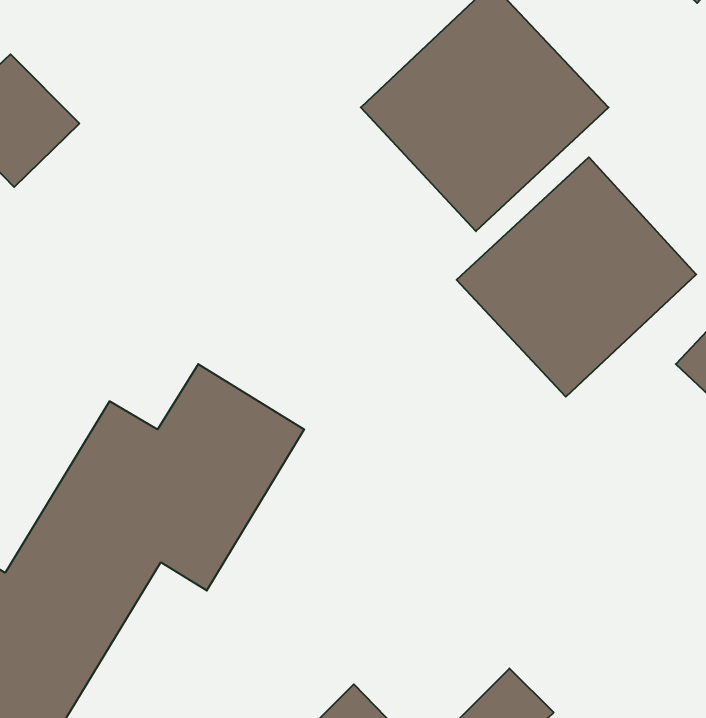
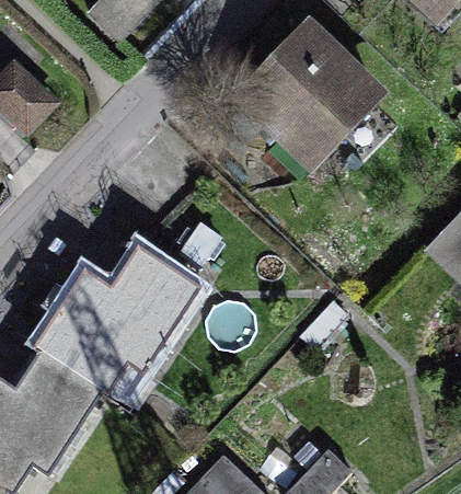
building: [457,157,696,397] -> none

